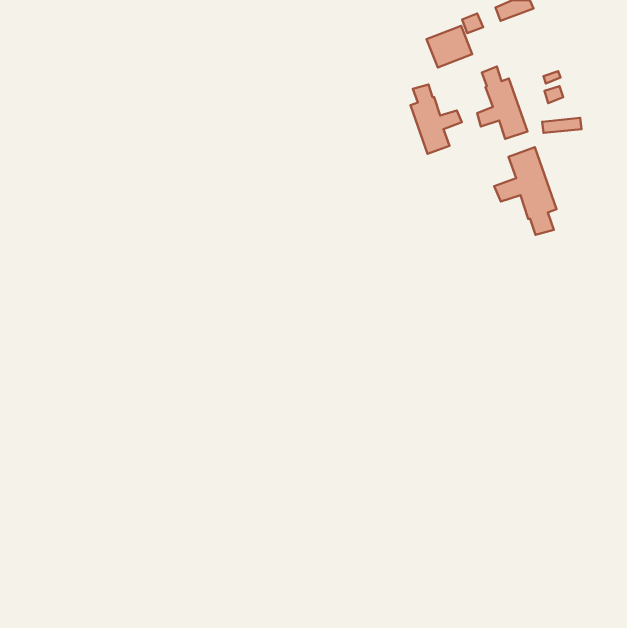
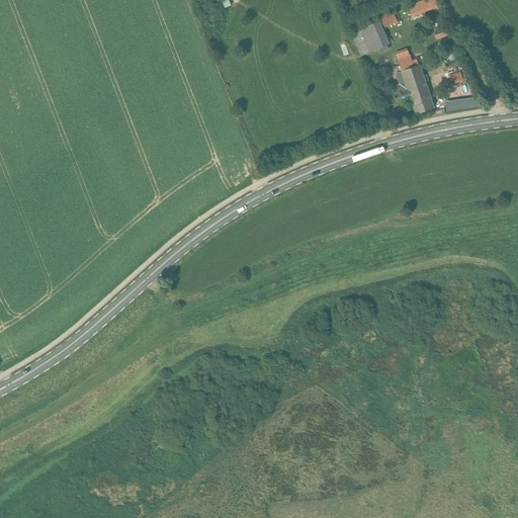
building: [410,84,462,154] -> none
building: [494,147,557,235] -> none

